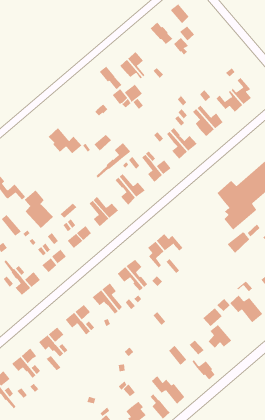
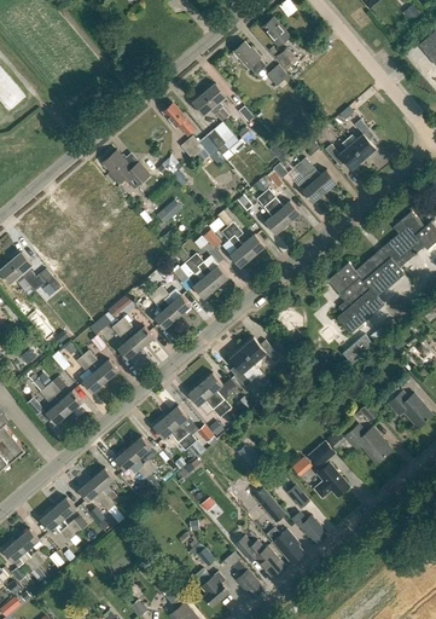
building: [48,127,82,154] -> [101,150,150,187]
building: [96,142,131,179] -> none
building: [24,189,54,229] -> none
building: none -> [269,530,303,563]

